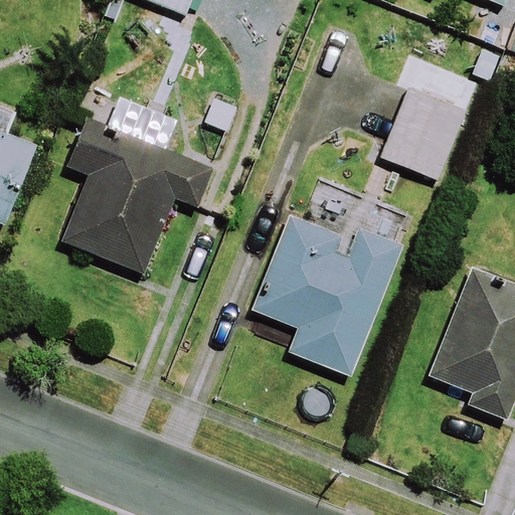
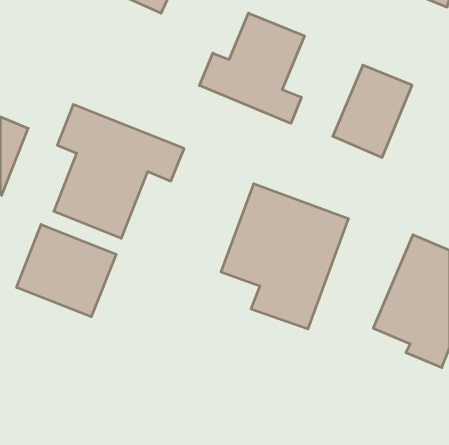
building: none -> [199,13,305,123]
building: none -> [17,224,116,317]

